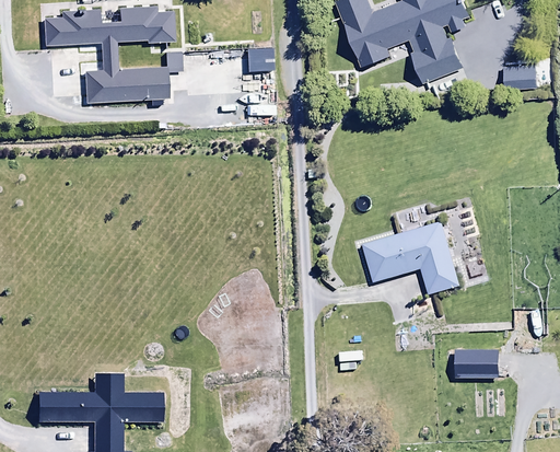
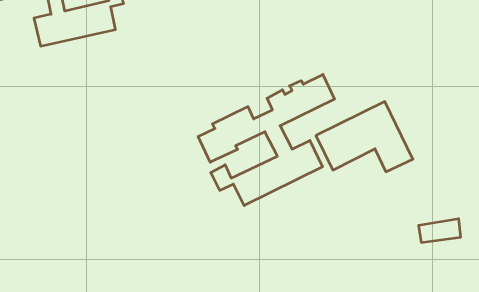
building: none -> [198,74,334,206]

